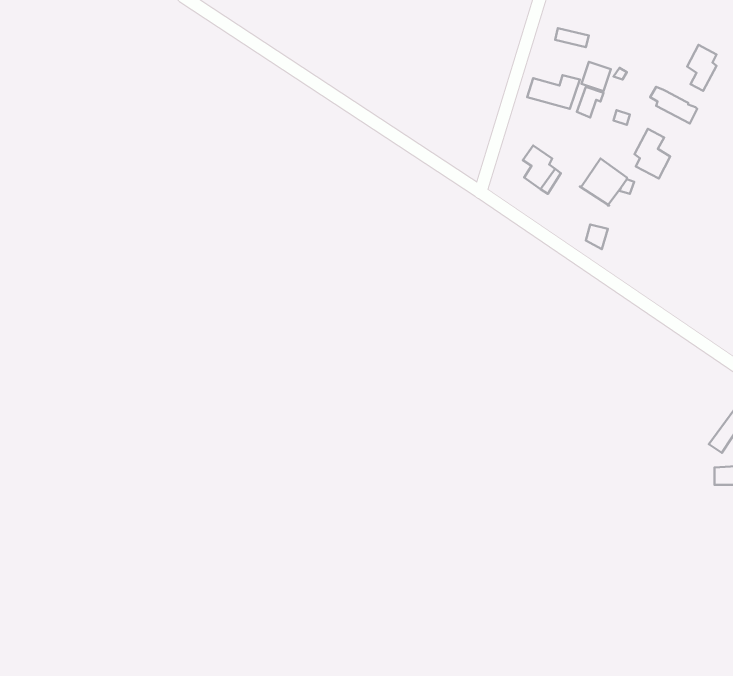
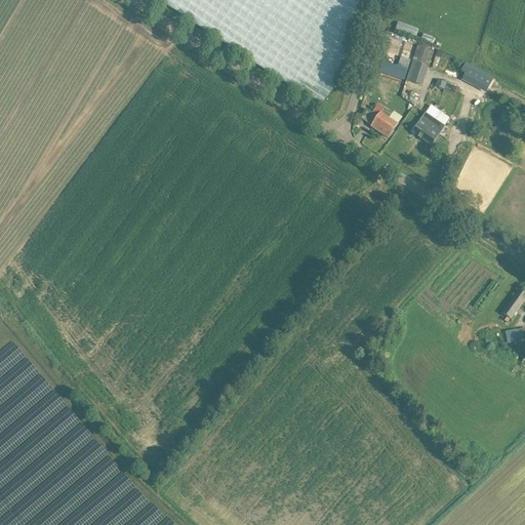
building: [687,45,716,91] -> none
building: [634,129,670,178] -> none

